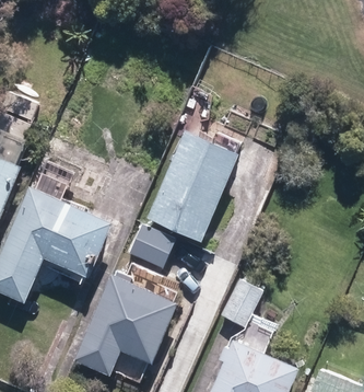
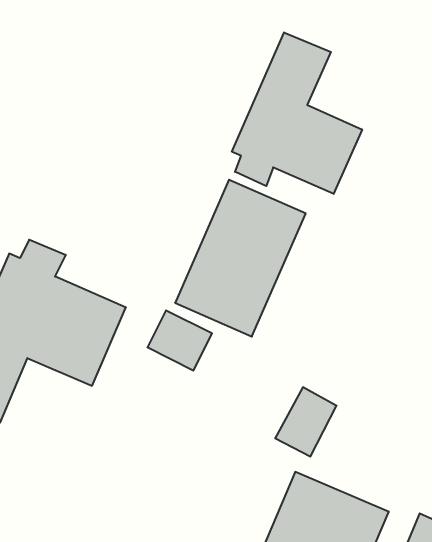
building: none -> [232,32,362,194]
building: [72,272,179,376] -> none

